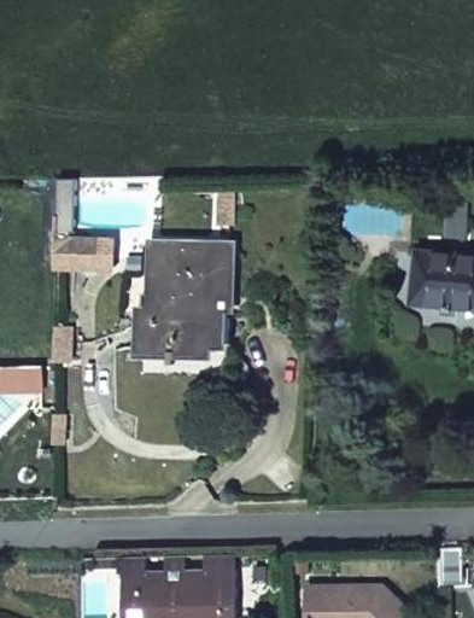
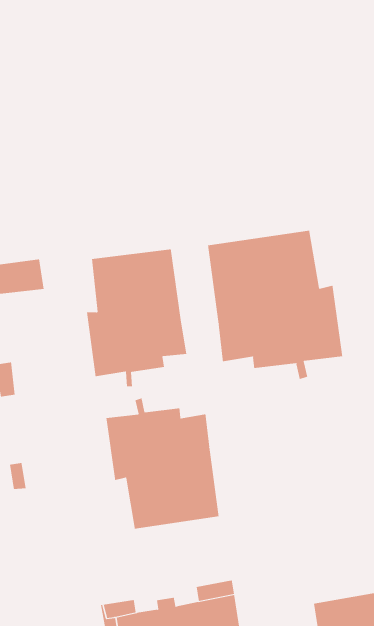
building: none -> [207,230,343,380]
building: none -> [106,398,219,530]

